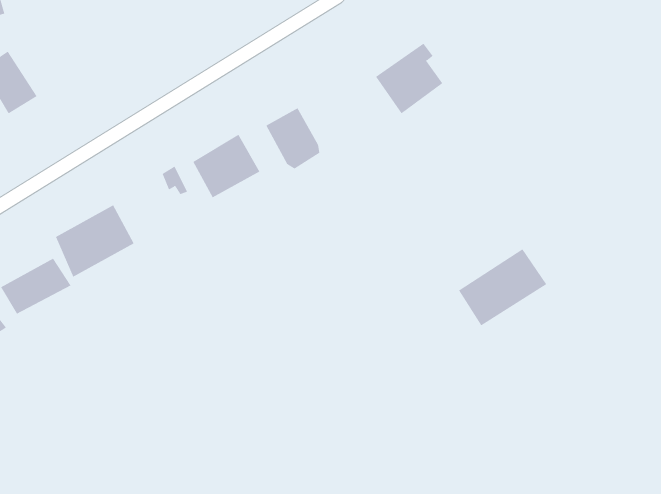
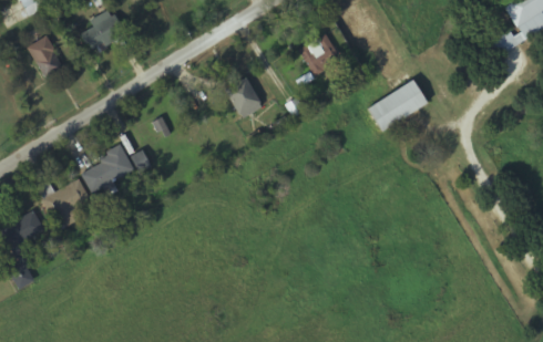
building: none -> [83,10,125,53]
building: [192,134,260,198] -> none
building: [458,248,547,326] -> [367,79,428,132]

